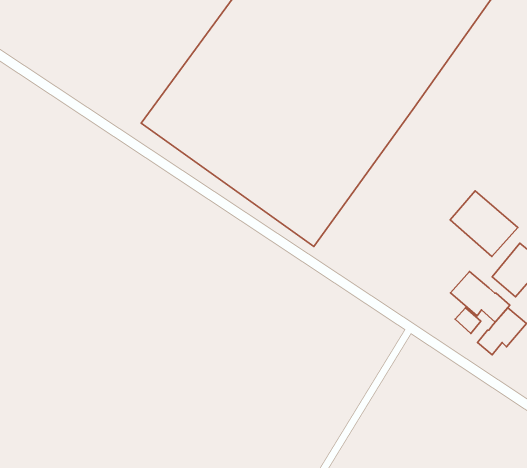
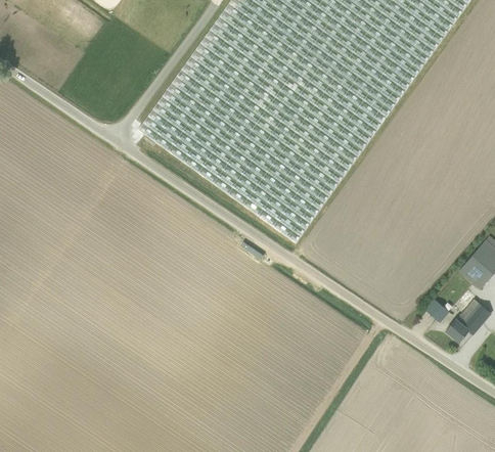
building: [450,191,518,256] -> none
building: [450,271,510,322] -> none

